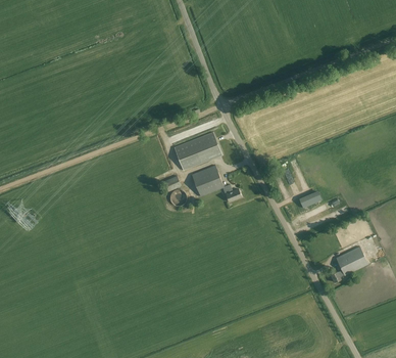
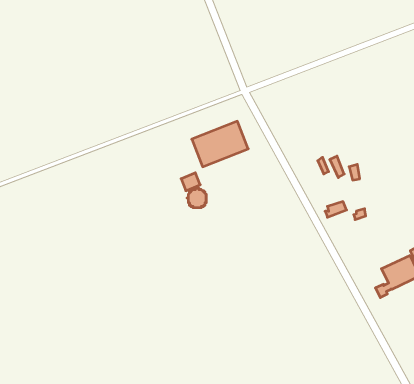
building: [192,166,241,202] -> none

